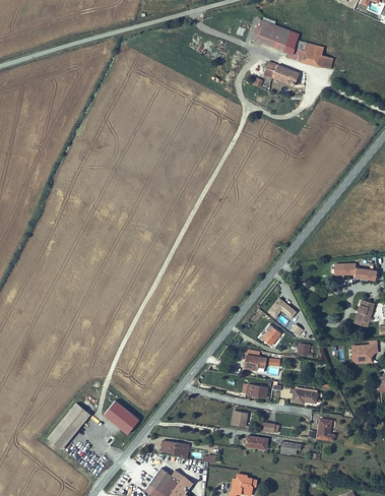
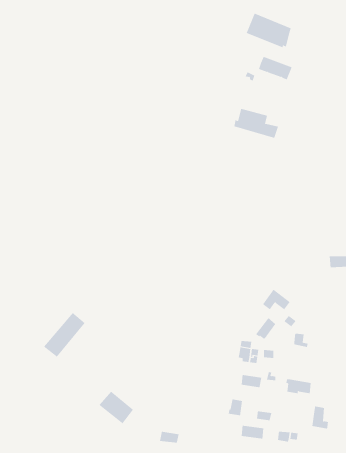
building: [288,42,334,72] -> [233,108,279,139]
building: [46,405,88,450] -> [43,312,86,357]

